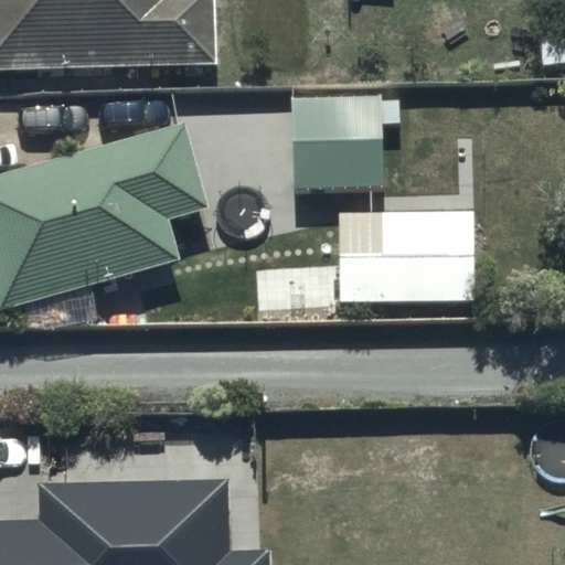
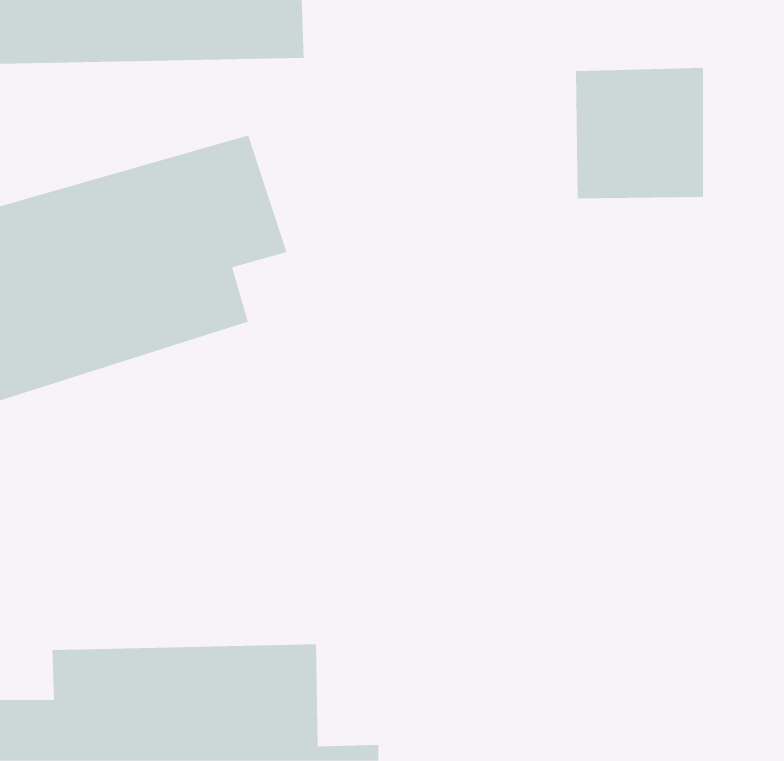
building: [291,104,383,198] -> [575,67,704,199]
building: [328,220,466,311] -> none

